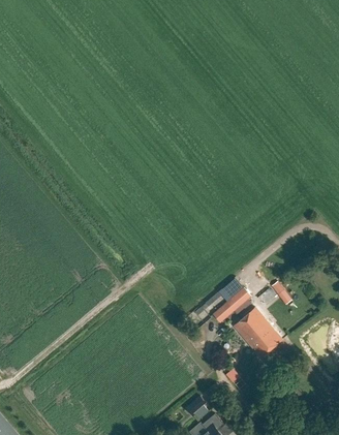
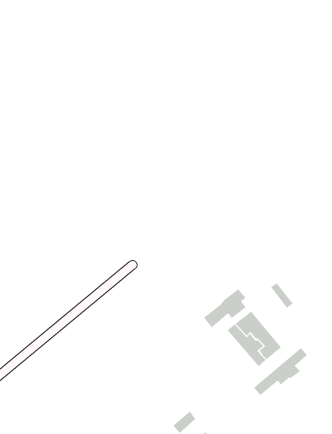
building: none -> [253,347,308,396]

